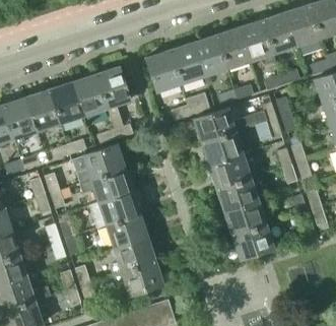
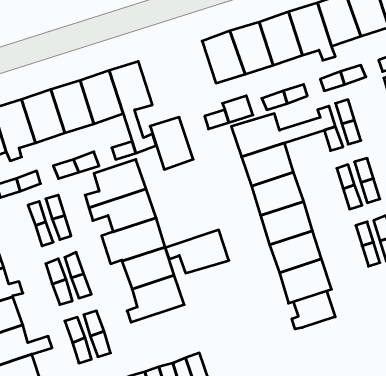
building: [146,50,181,91] -> [150,117,193,169]
building: none -> [292,291,335,329]
building: [113,260,163,295] -> [165,230,229,273]

